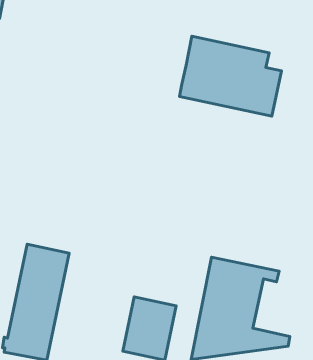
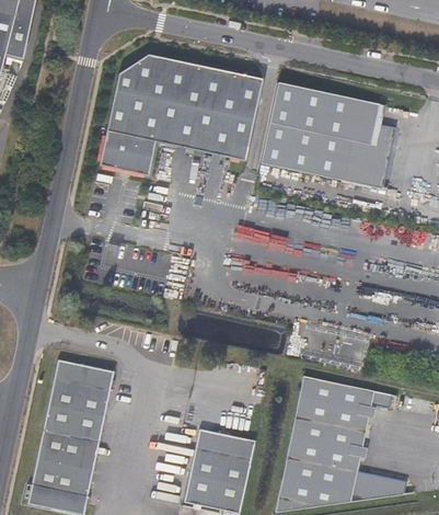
building: none -> [100,55,262,175]

